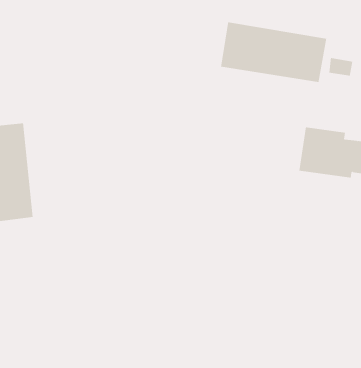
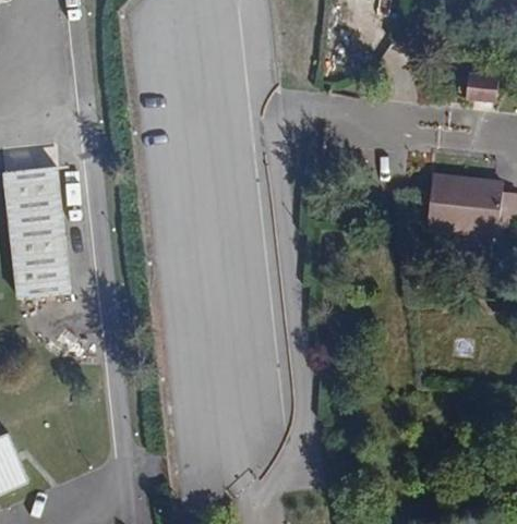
building: [221,22,327,83] -> none

